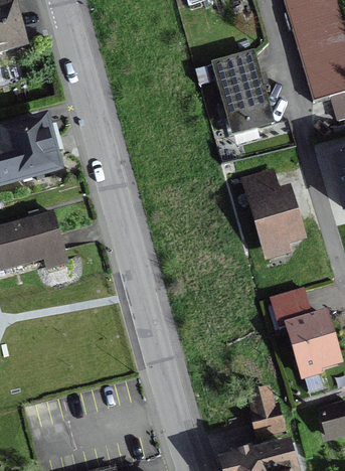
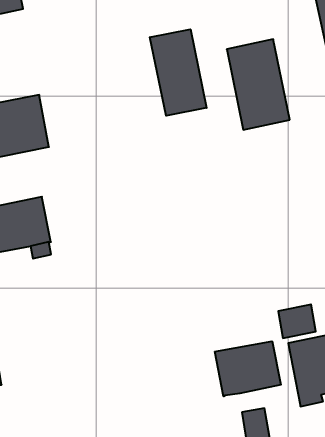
building: none -> [150,29,207,116]
building: [242,172,303,260] -> none
building: none -> [215,341,281,396]

